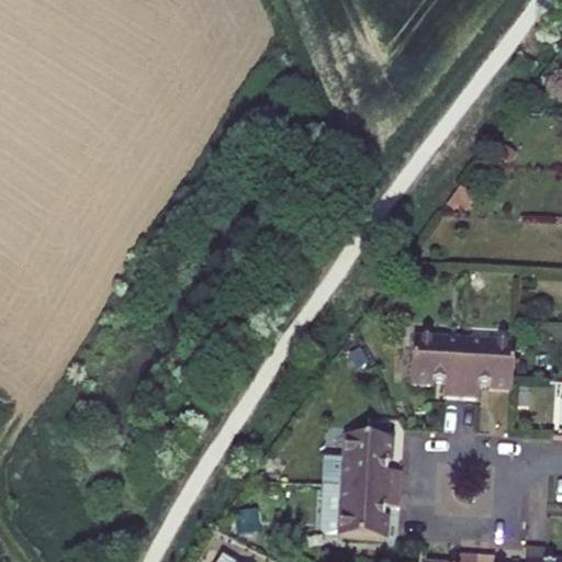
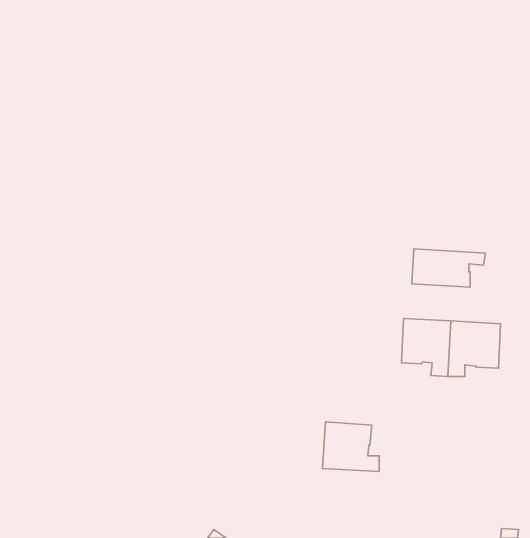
building: none -> [412,249,485,287]
building: [333,487,395,540] -> none

